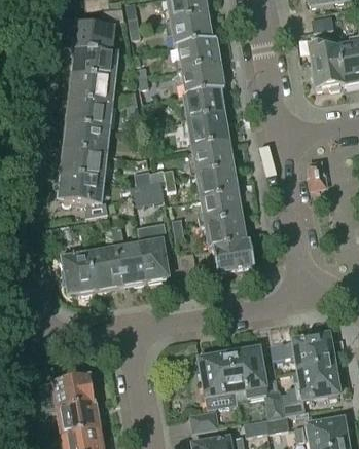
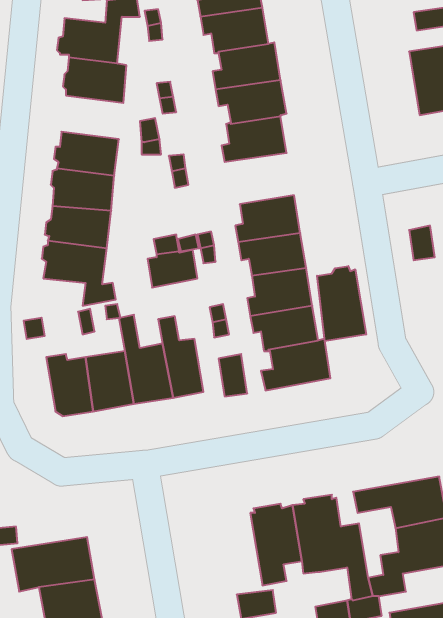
building: [71,75,114,105] -> none
building: [183,114,230,149] -> none
building: none -> [317,266,366,341]

